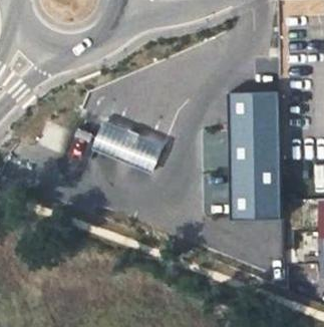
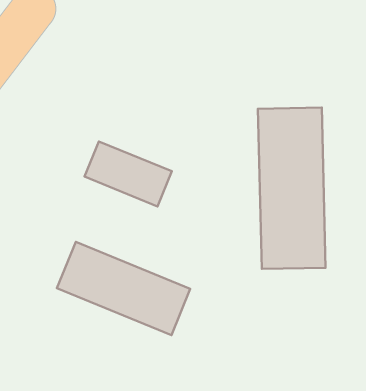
building: none -> [57,242,190,335]

